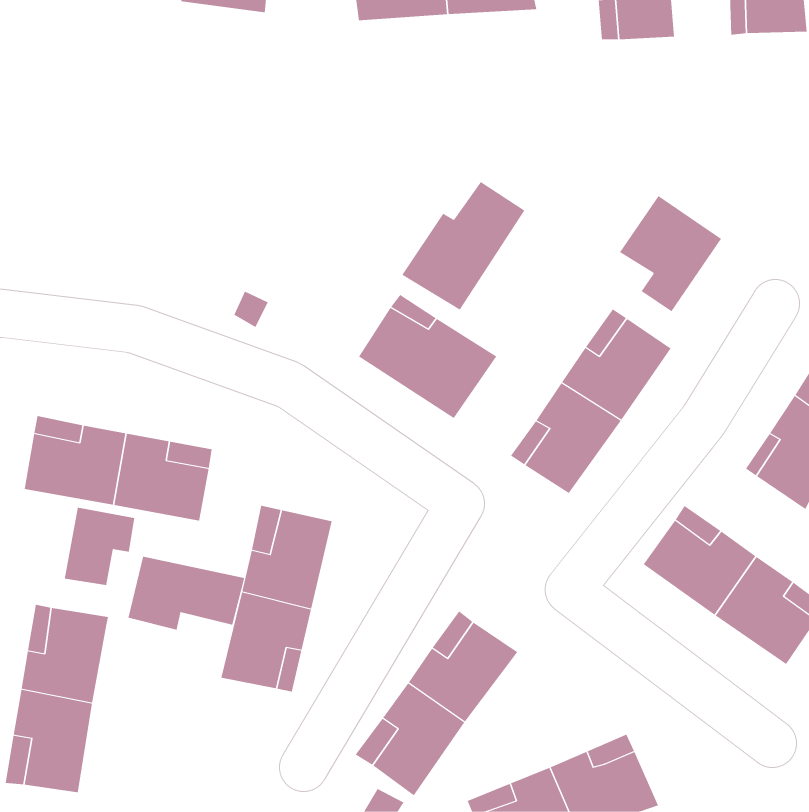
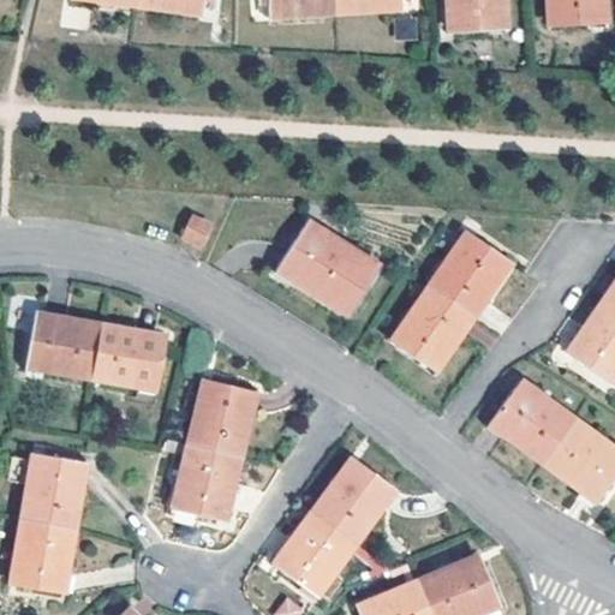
building: [401,181,525,311] -> none
building: [619,195,722,312] -> none
building: [64,507,135,586] -> none
building: [128,556,245,630] -> none

